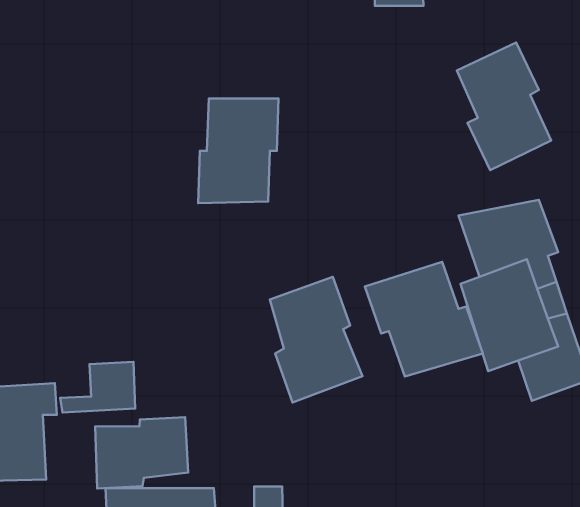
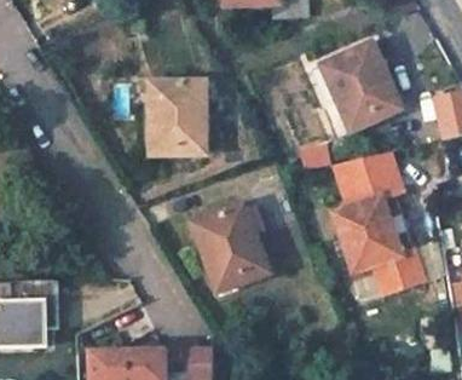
building: [365,262,483,377] -> none
building: [60,362,135,413] -> none
building: [95,417,188,489] -> none

